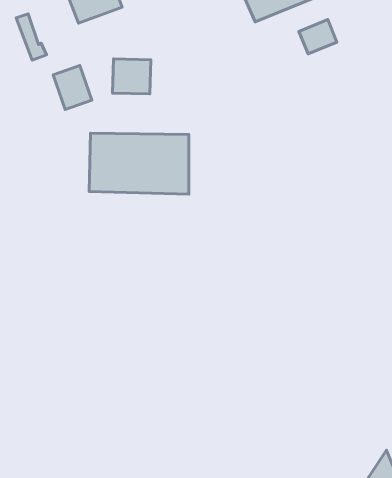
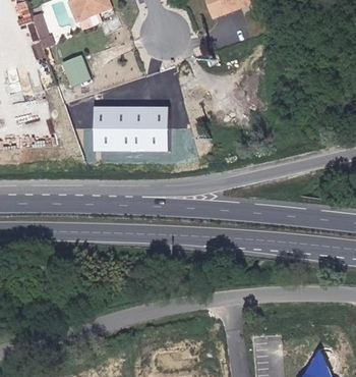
building: [299,20,337,54] -> none
building: [113,59,151,94] -> none

